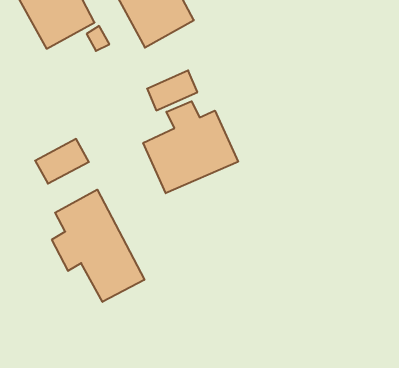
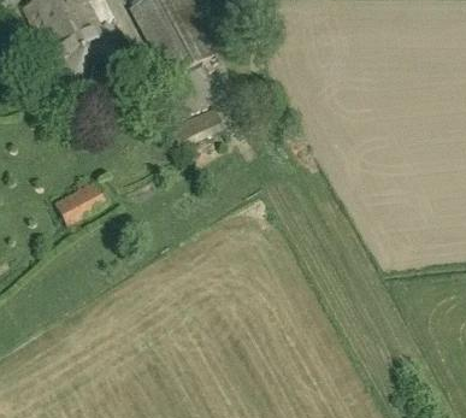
building: [143,101,238,193] -> none
building: [52,190,144,302] -> none

